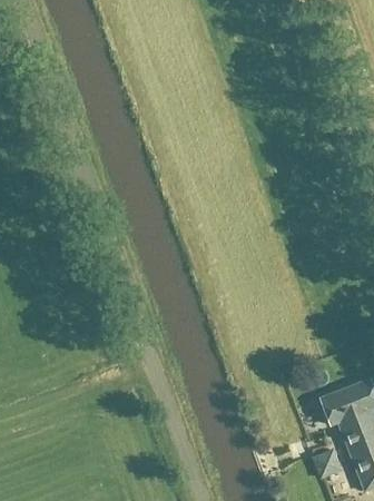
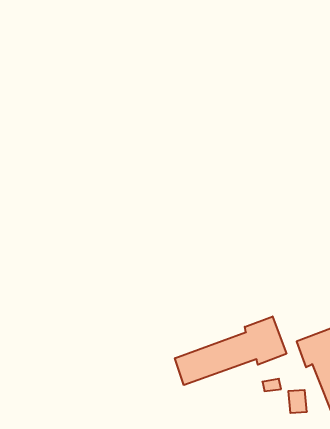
building: none -> [175,316,286,385]

